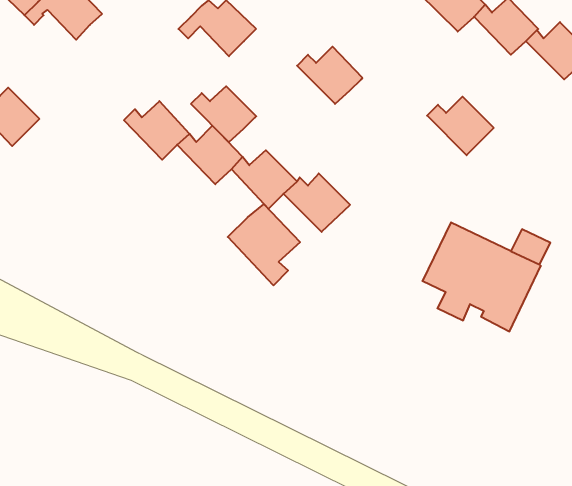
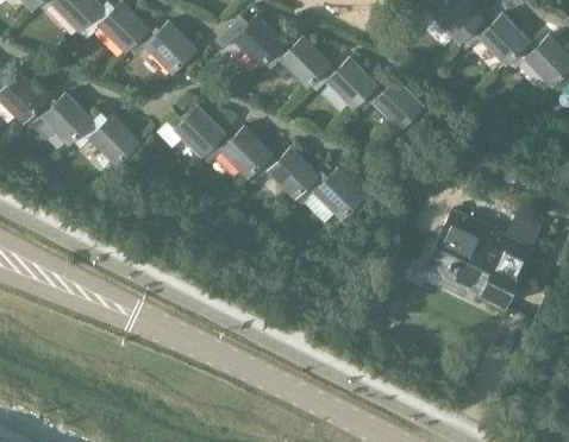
building: none -> [137,23,195,72]
building: [191,86,256,142] -> [271,37,329,86]
building: [427,97,494,155] -> [364,78,423,130]
building: none -> [82,114,139,165]
building: [228,204,300,285] -> none

